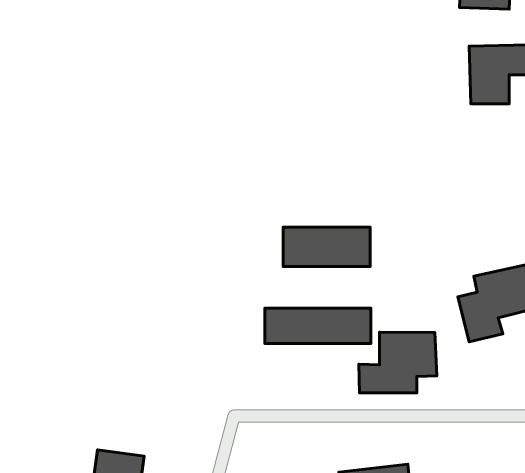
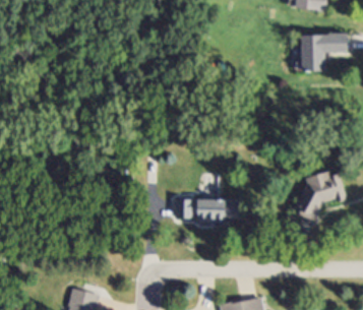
building: [283,227,370,267] -> none
building: [359,332,437,393] -> none

